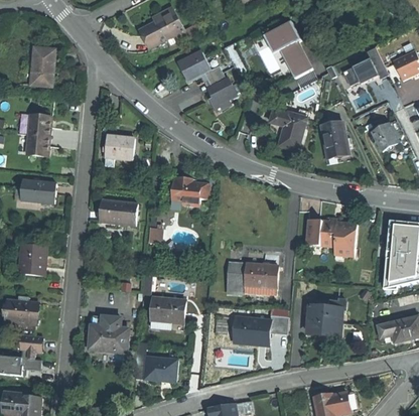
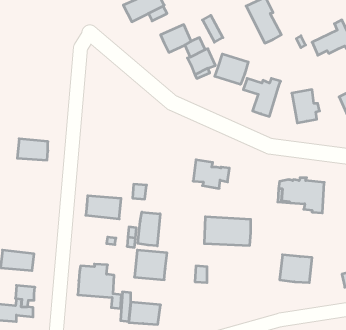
building: [31,44,55,84] -> none
building: none -> [215,54,248,84]
building: [26,116,51,157] -> none
building: [103,133,133,165] -> none
building: [170,176,210,207] -> [193,160,229,188]
building: [99,197,137,223] -> [86,196,121,219]
building: [19,243,46,274] -> none
building: none -> [138,212,160,246]
building: [232,316,287,346] -> none

